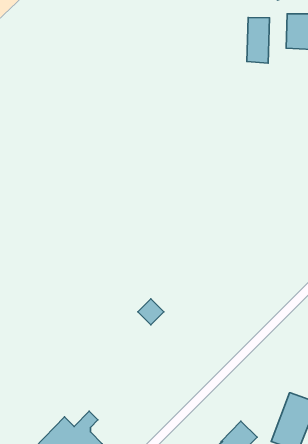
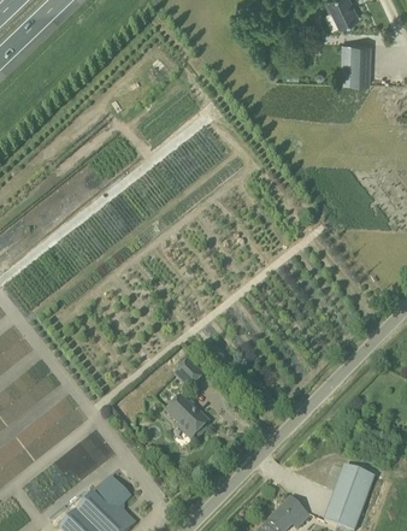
building: [247,17,270,63] -> none
building: none -> [169,397,210,435]

